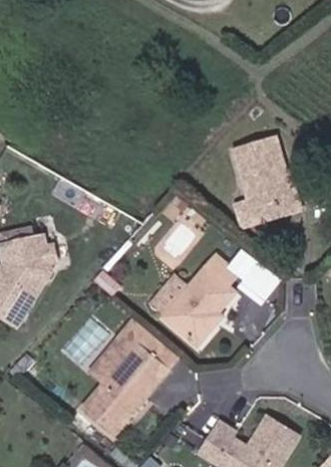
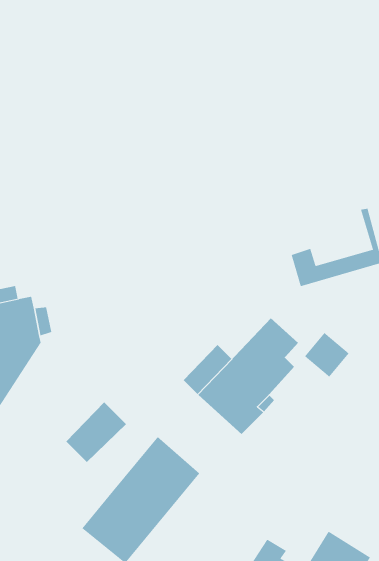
building: [236,139,297,214] -> none
building: [88,320,178,384] -> none

